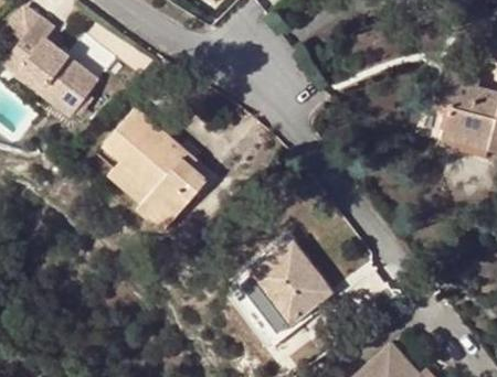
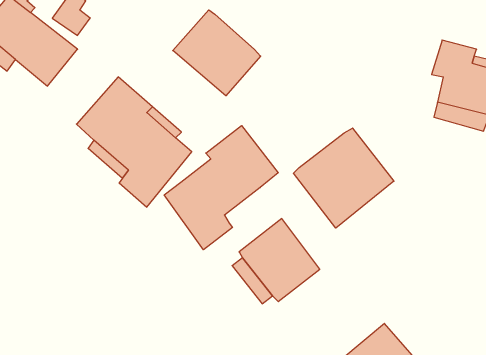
building: none -> [173,10,261,96]
building: none -> [164,126,278,250]
building: none -> [293,128,394,228]

